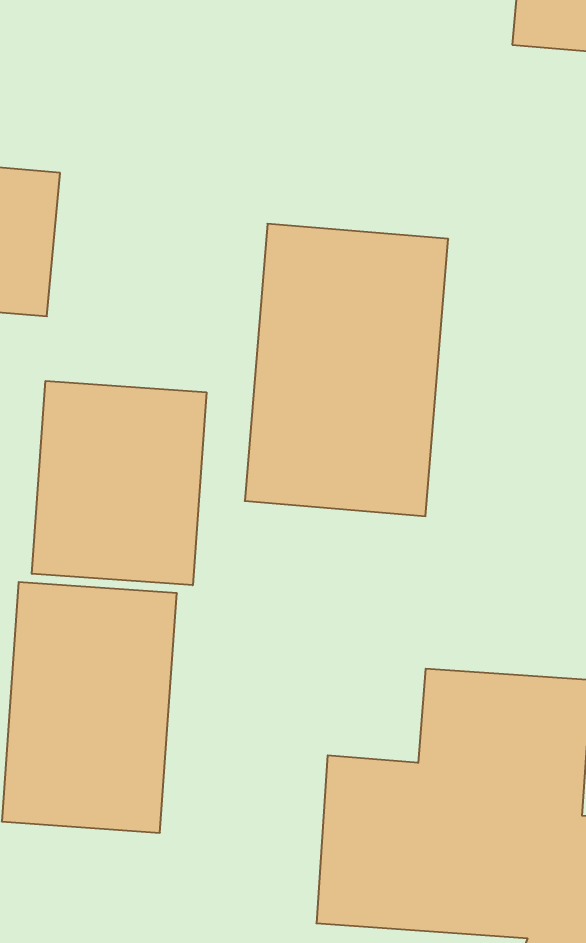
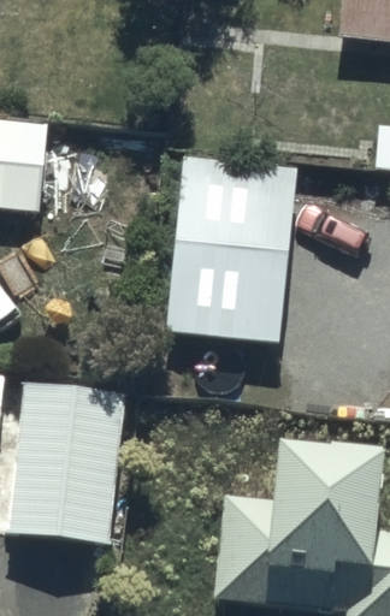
building: [32,381,206,585] -> none

